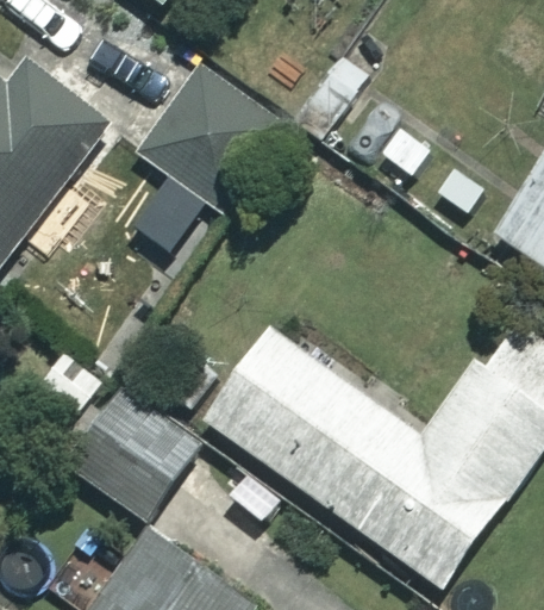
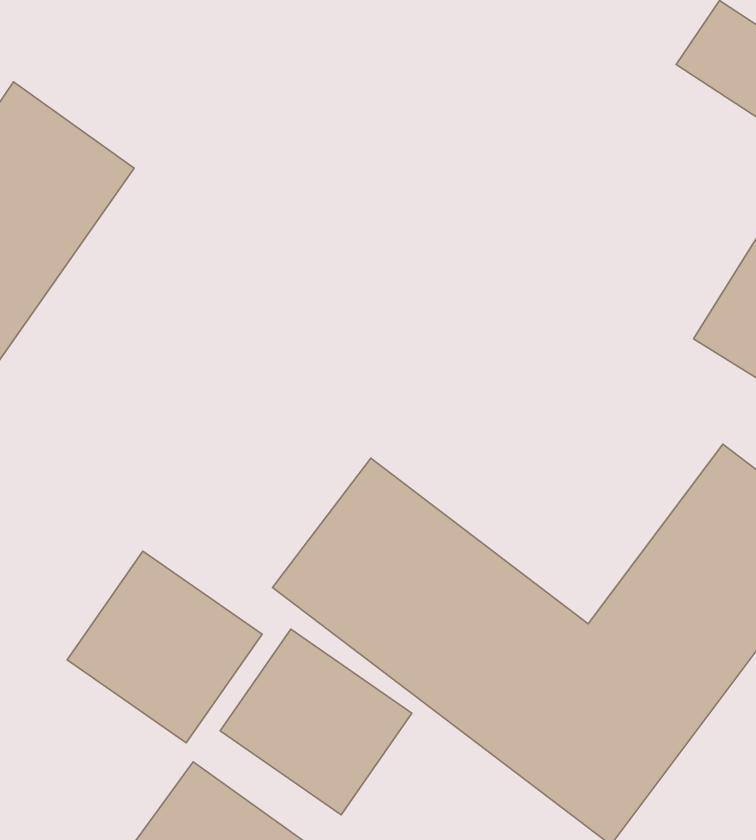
building: [143,67,271,201] -> none
building: none -> [220,629,412,815]

